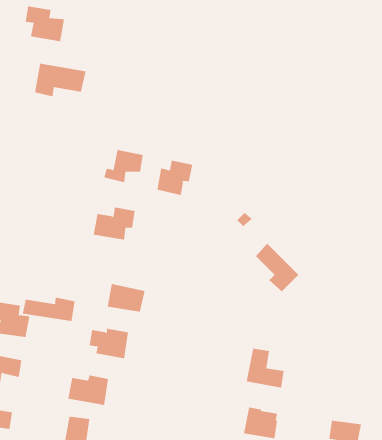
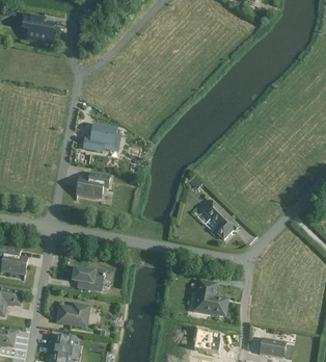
building: [35,63,86,97] -> none
building: [157,160,193,196] -> none
building: [107,283,145,313] -> none
building: [22,297,75,322] -> none

